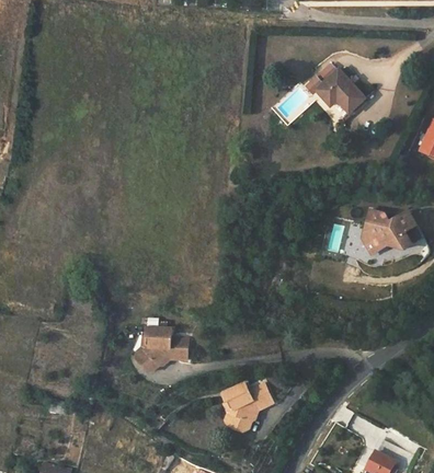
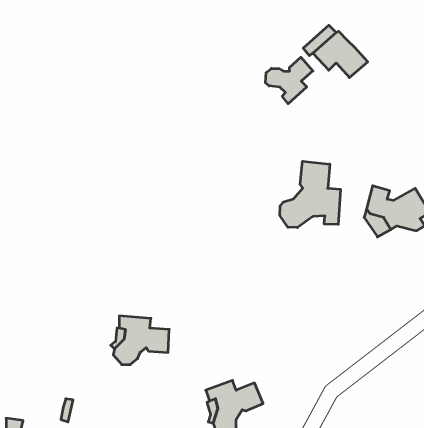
building: none -> [265,57,313,104]
building: none -> [280,161,340,228]

